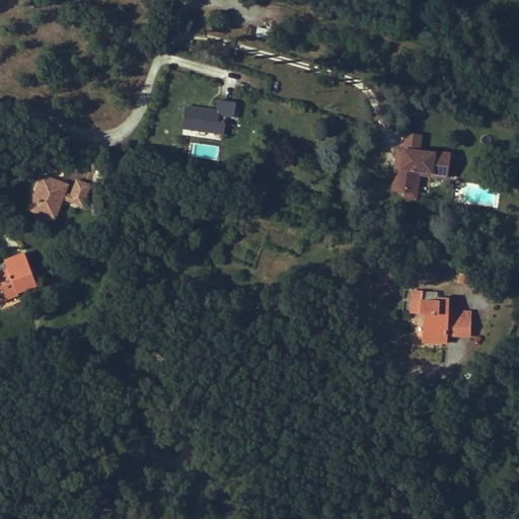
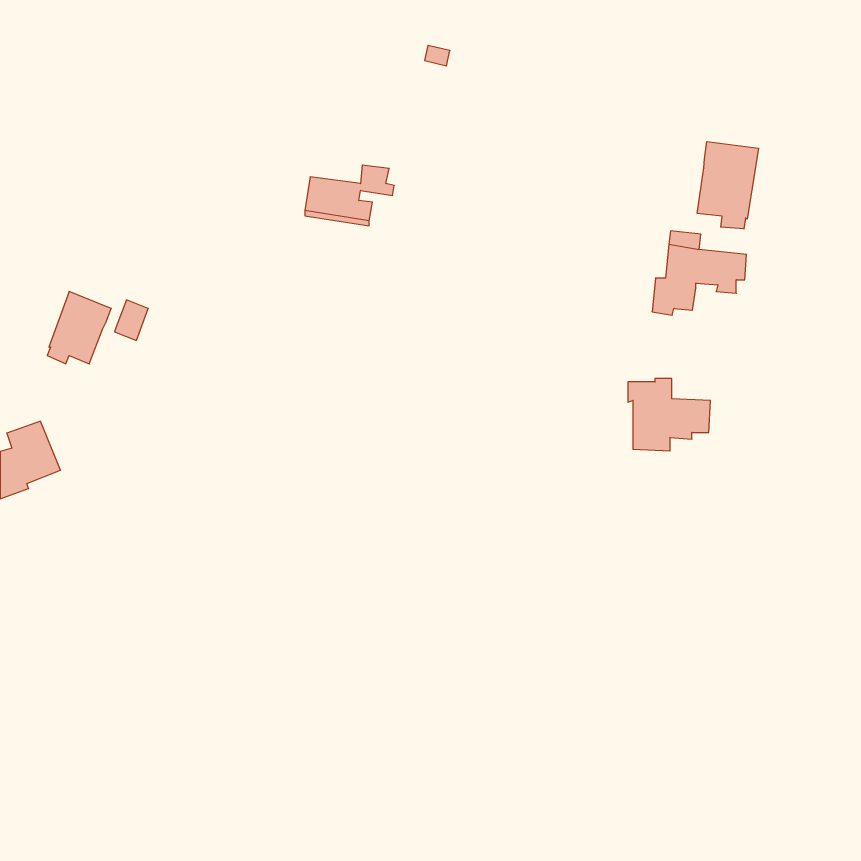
building: none -> [697,142,758,229]
building: [420,298,469,342] -> [628,379,710,451]

